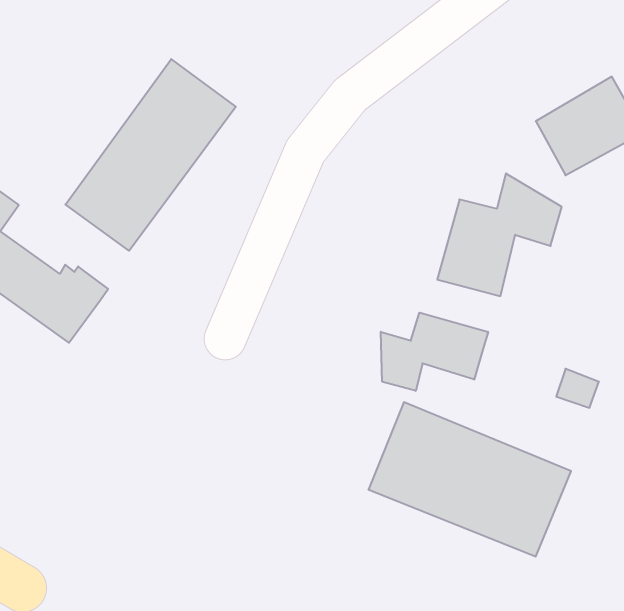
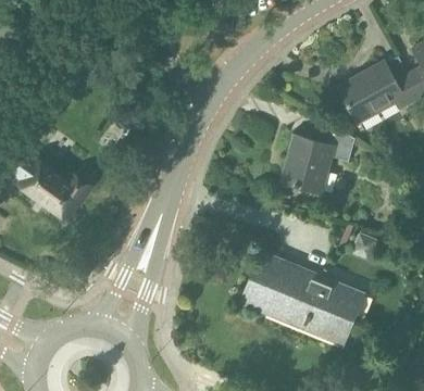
building: [65,59,236,251] -> none
building: [381,313,488,391] -> none

